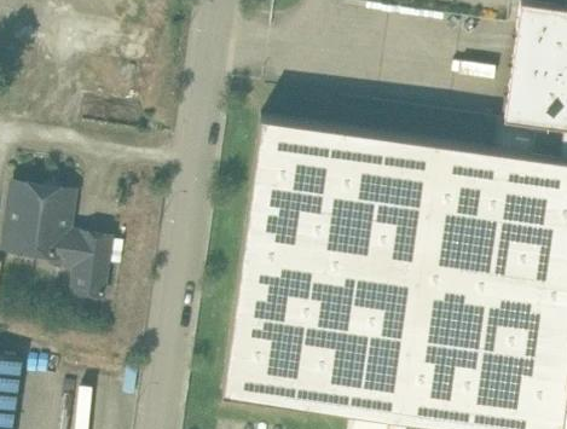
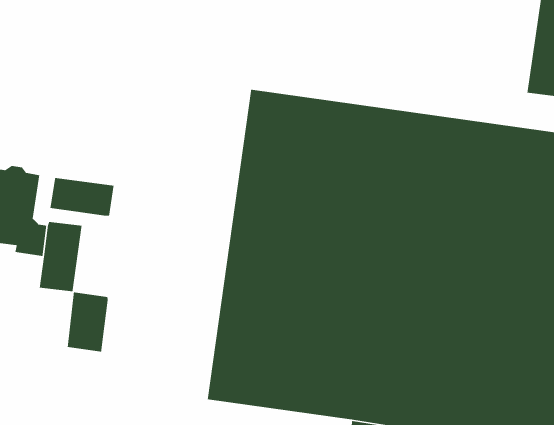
building: none -> [50,177,115,216]
building: none -> [67,292,109,352]

